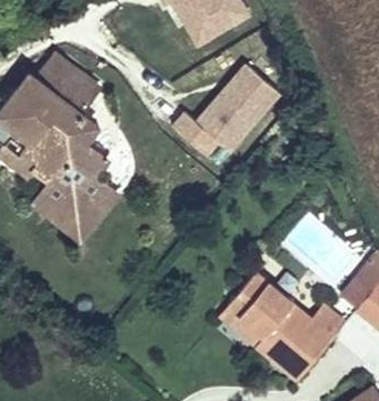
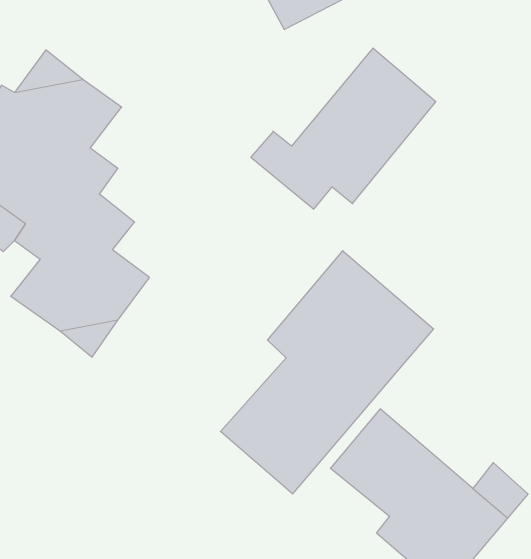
building: none -> [220,251,434,494]

